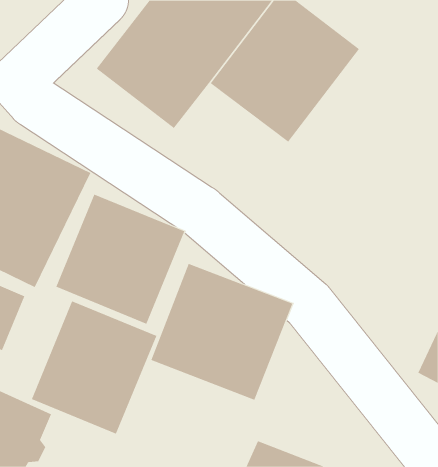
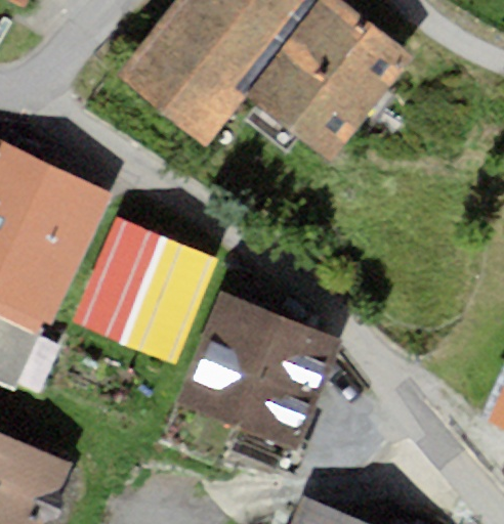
building: [31,300,157,434] -> none

